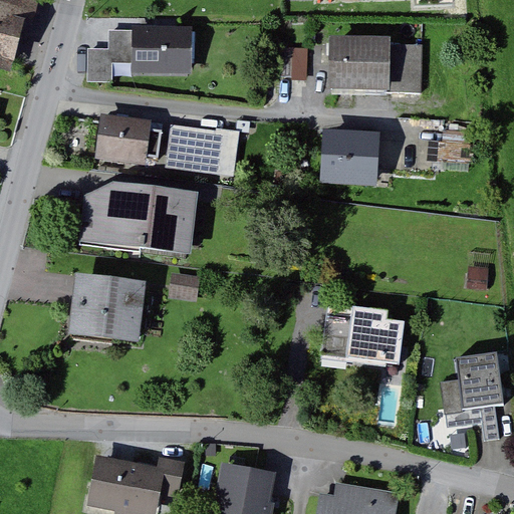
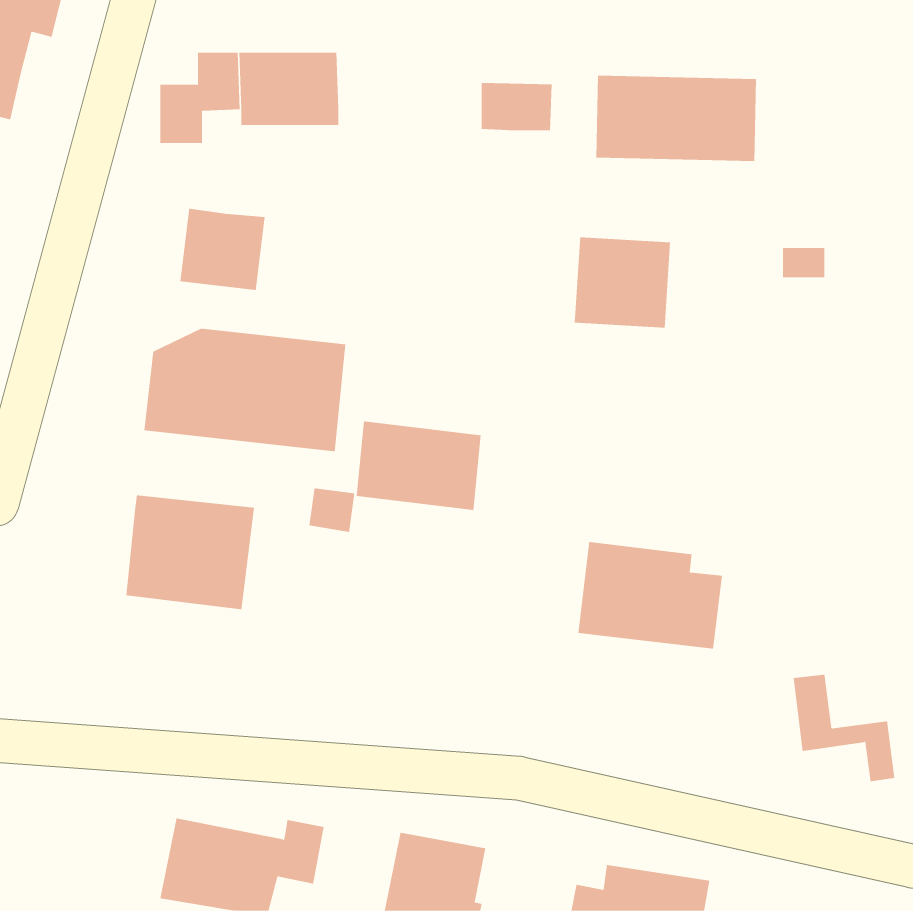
building: [168,123,238,174] -> [356,421,481,510]
building: [459,352,506,408] -> none

